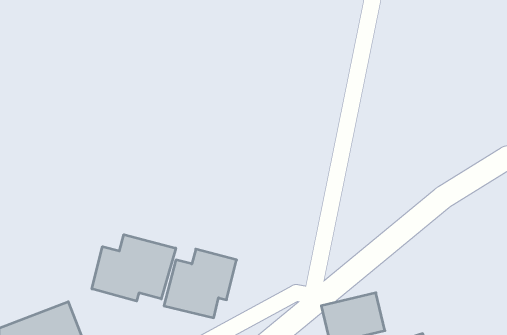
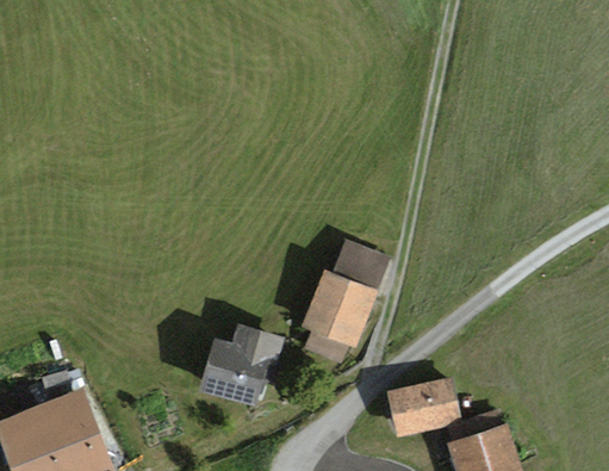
building: none -> [299,238,391,364]
building: [92,235,176,301] -> none

